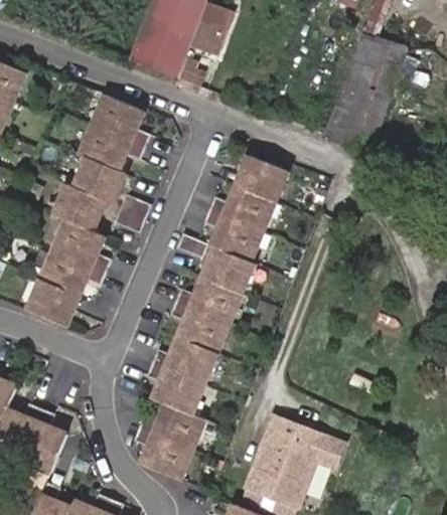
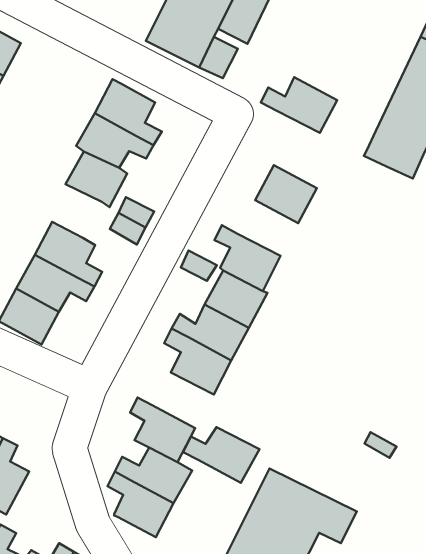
building: [54,184,106,231] -> none
building: [209,185,274,230] -> [261,77,337,133]
building: [152,338,216,383] -> [183,427,260,483]

